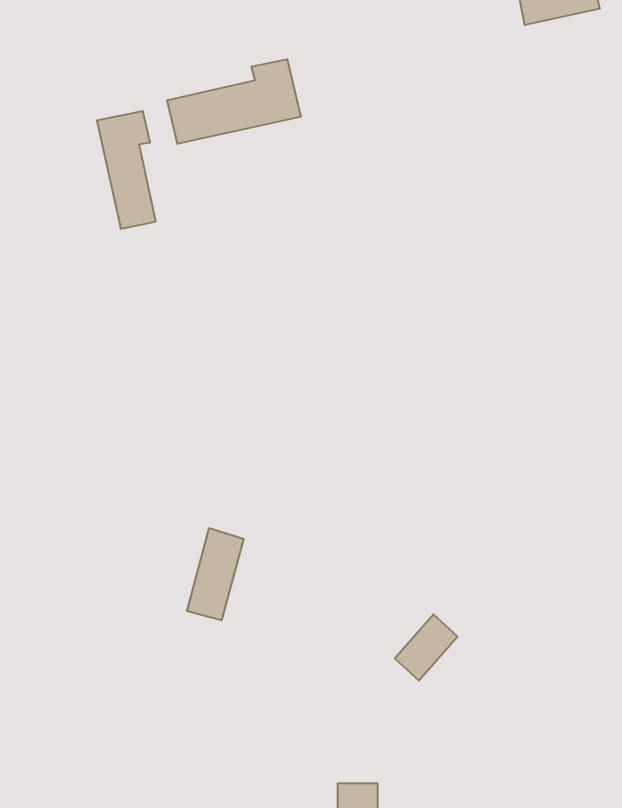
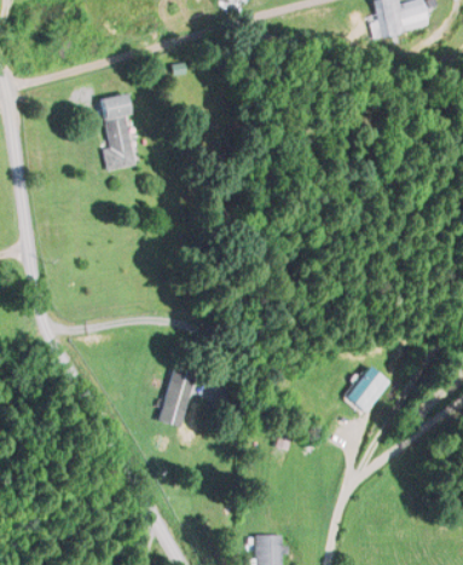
building: [167,59,301,144] -> none
building: [395,614,457,681] -> [346,367,387,410]

